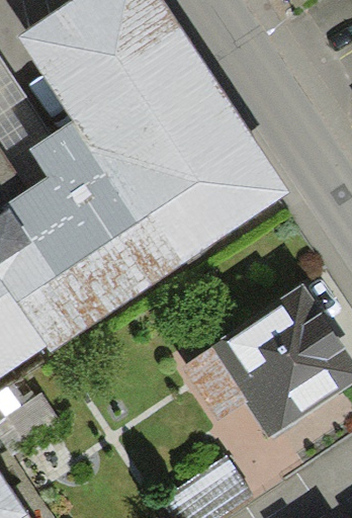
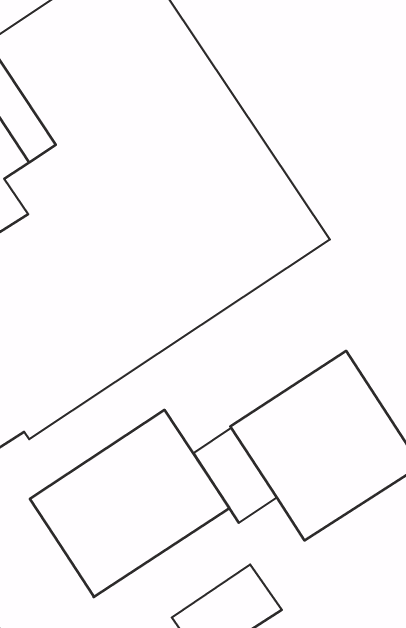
building: none -> [30,410,229,597]

